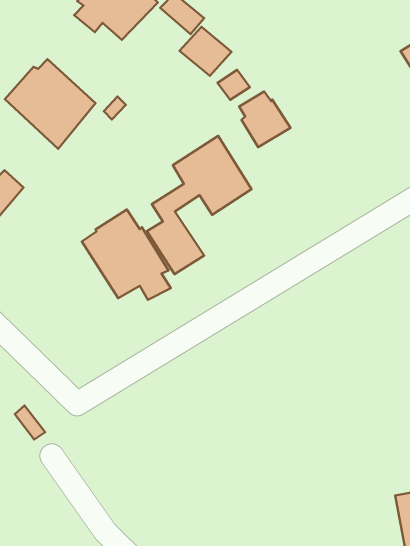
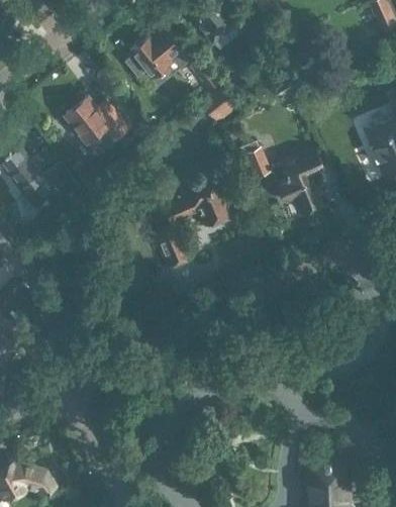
building: none -> [273,151,324,219]
building: [82,209,171,300] -> none

